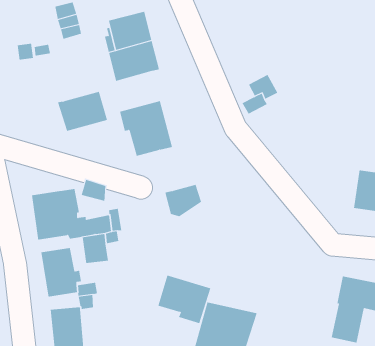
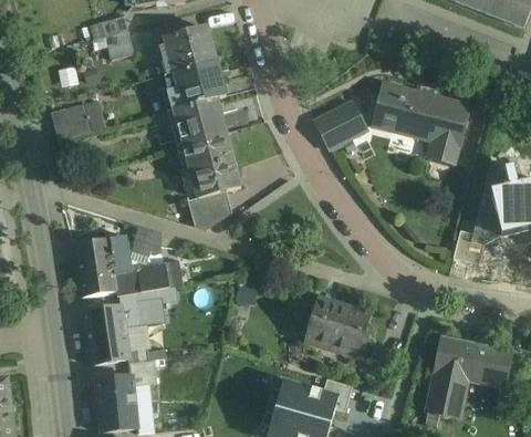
building: none -> [373,82,470,162]
building: none -> [51,102,91,138]
building: [57,91,108,131] -> [167,96,227,144]
building: [164,184,202,217] -> [188,189,232,228]
building: [158,275,211,324] -> [308,296,371,354]

